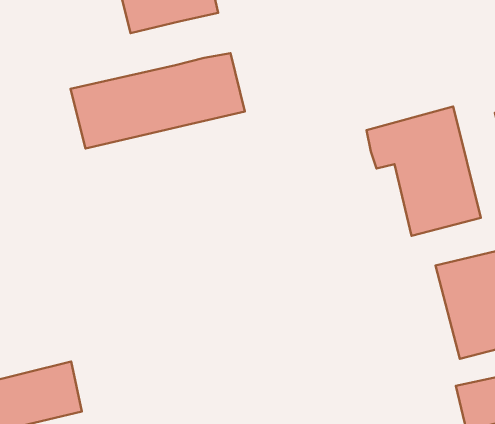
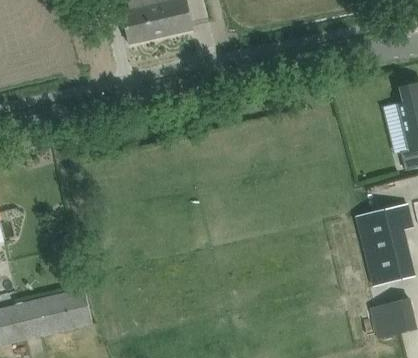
building: [71,53,245,148] -> none
building: [366,107,481,236] -> none

